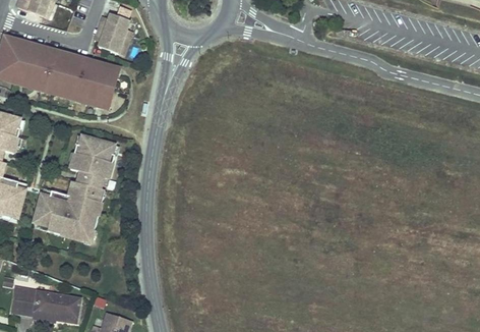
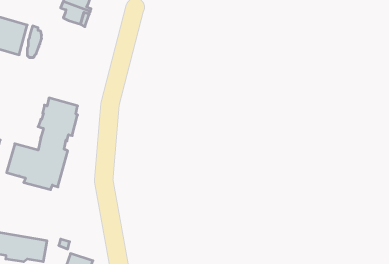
building: [72,61,117,105] -> none

